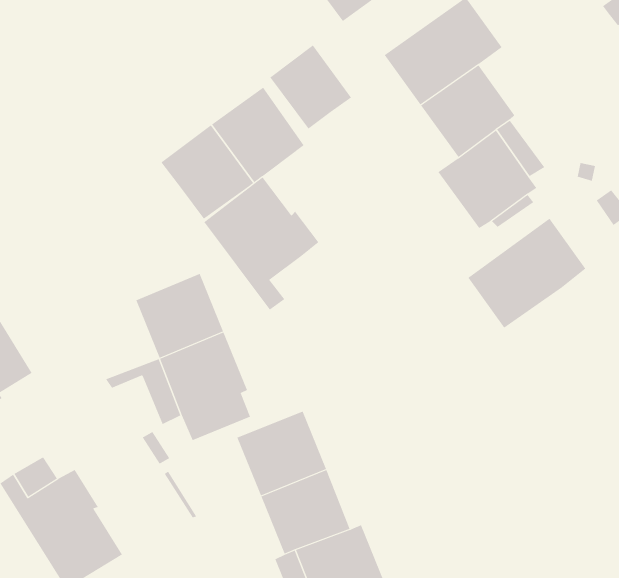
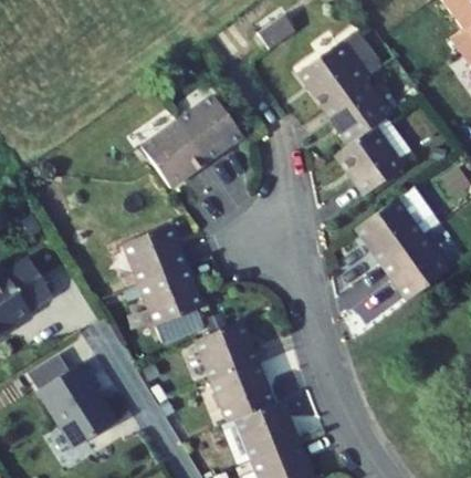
building: [269,44,352,129] -> none
building: [203,177,319,310] -> none
building: none -> [381,236,448,301]

